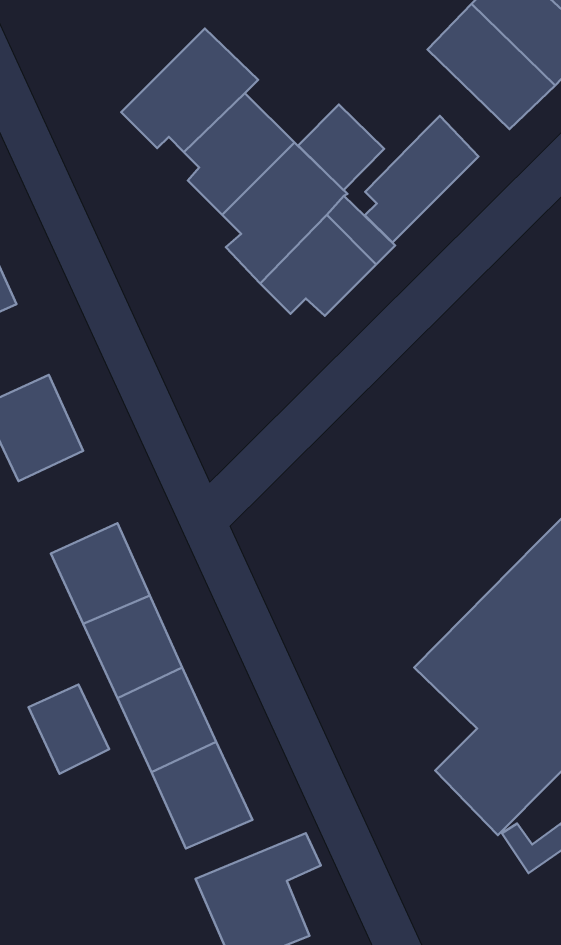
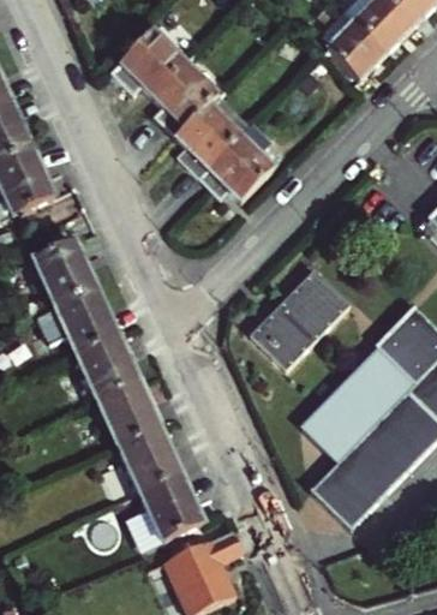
building: [298,104,384,190] -> none
building: [365,116,479,243] -> none
building: none -> [252,267,354,370]
building: none -> [52,286,114,351]
building: [29,685,109,774] -> none

